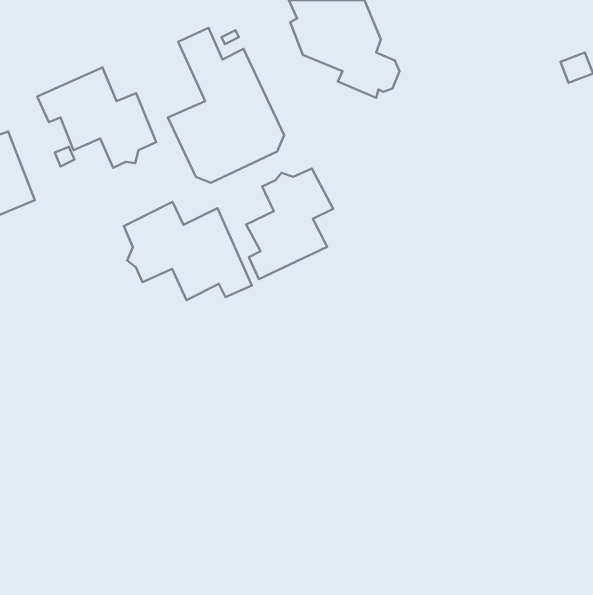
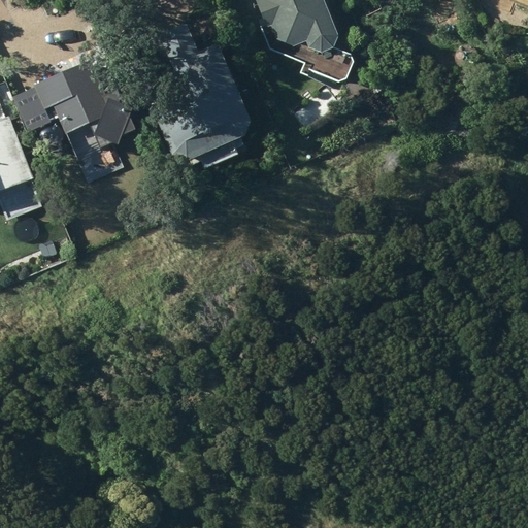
building: [246,168,333,279] -> none
building: [124,202,252,300] -> none

